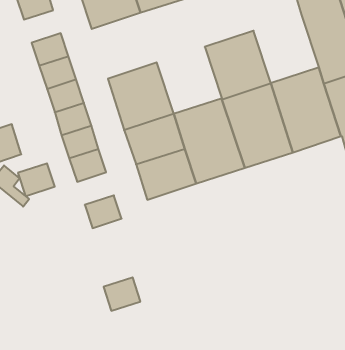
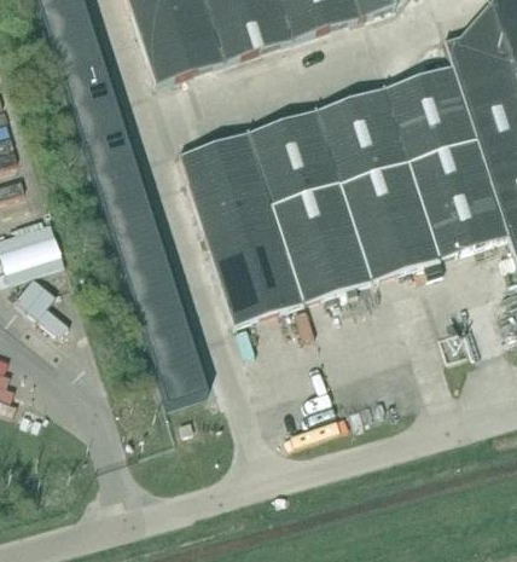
building: none -> [60,59,112,105]
building: none -> [384,66,476,162]
building: none -> [248,111,339,205]
building: [18,163,55,196] -> [135,288,187,334]
building: [104,277,140,311] -> [157,353,209,400]

